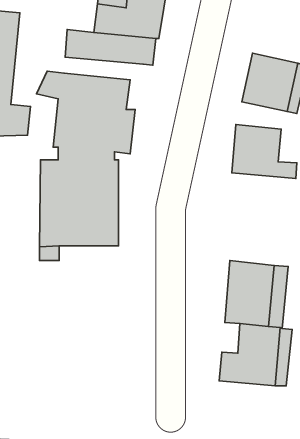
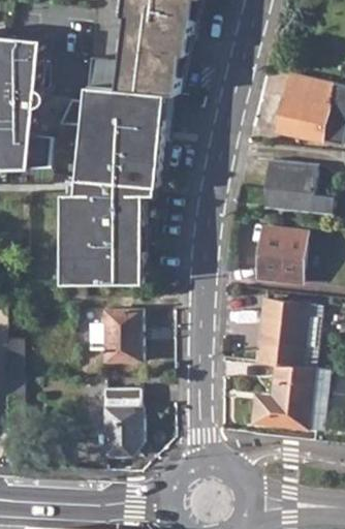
building: none -> [88,86,170,141]
building: none -> [256,225,305,285]
building: none -> [103,309,143,362]
building: none -> [103,388,143,458]

